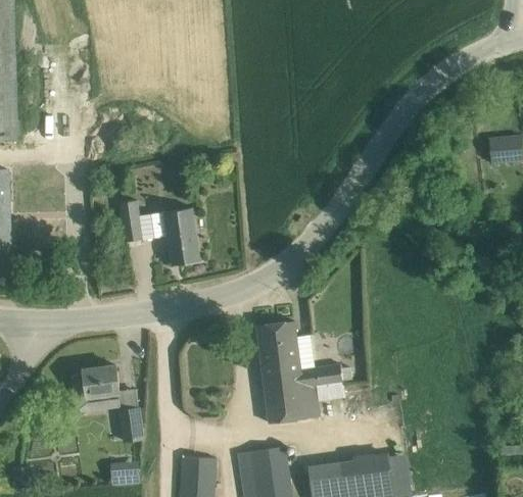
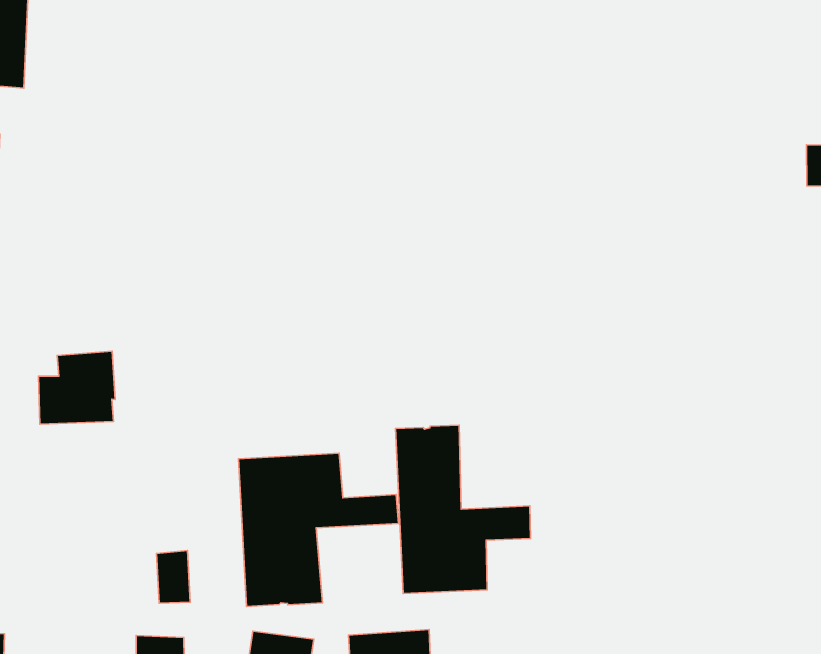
building: [118,201,199,265] -> none
building: none -> [238,453,399,606]
building: [73,365,120,412] -> [38,351,115,424]

